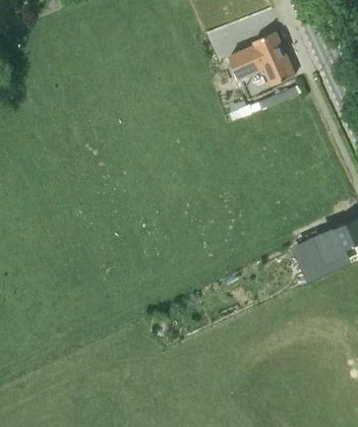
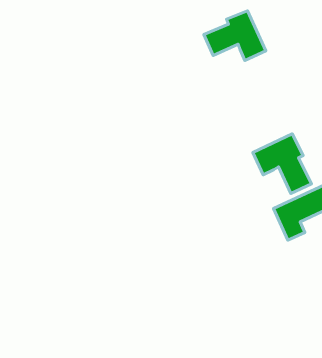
building: none -> [253,134,311,193]

